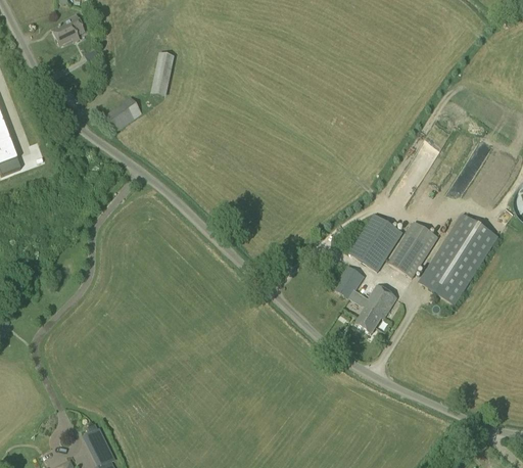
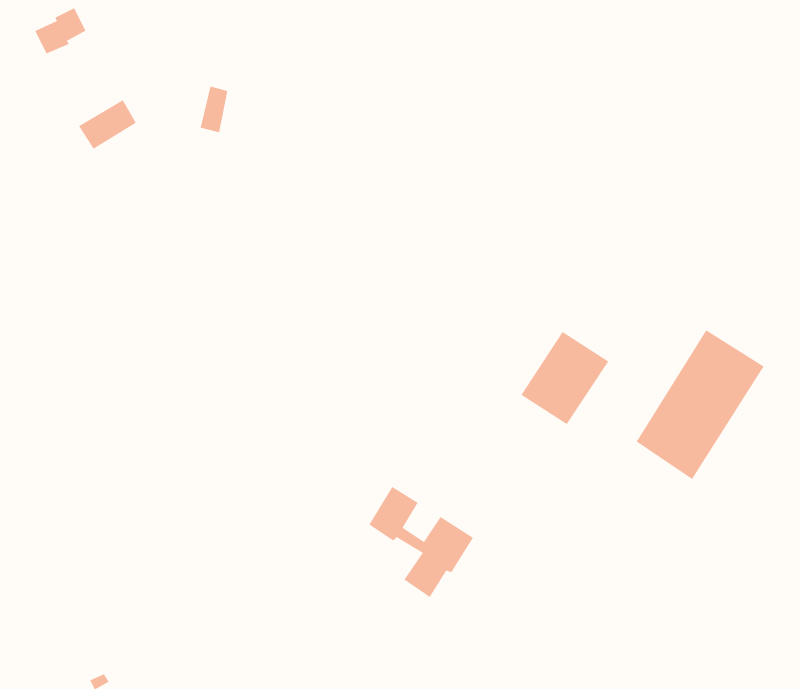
building: [108,99,144,130] -> [78,99,137,150]
building: [388,222,437,277] -> none
building: [333,265,397,333] -> [368,486,474,598]

